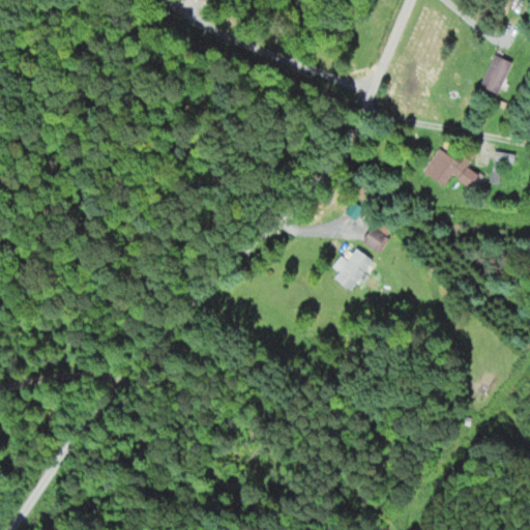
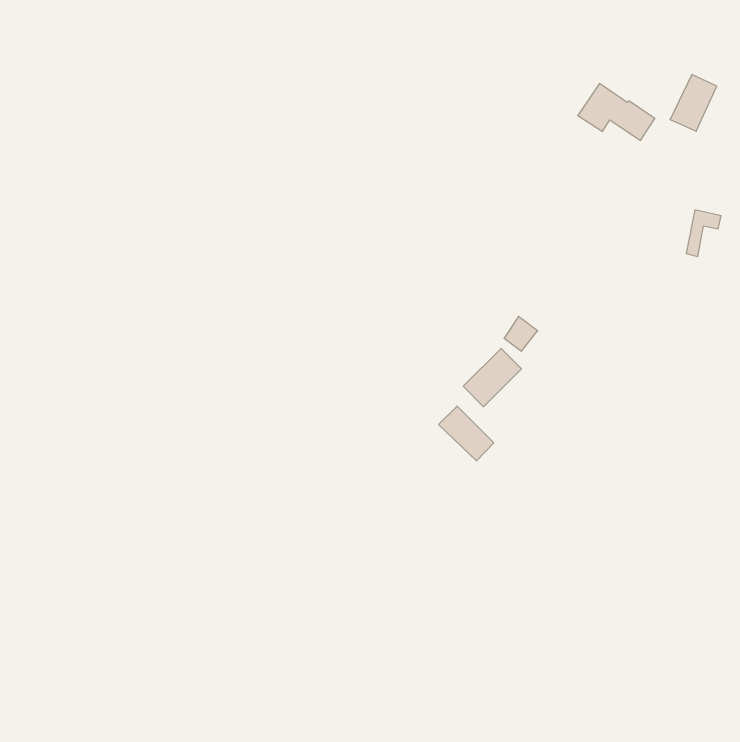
building: [424,149,479,189] -> [578,84,655,140]
building: none -> [439,406,494,461]

